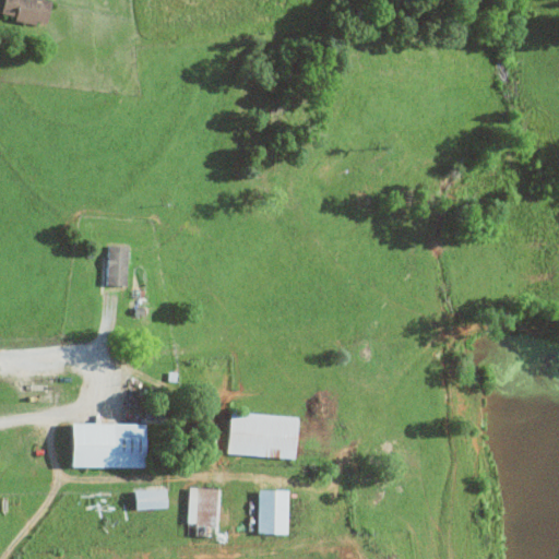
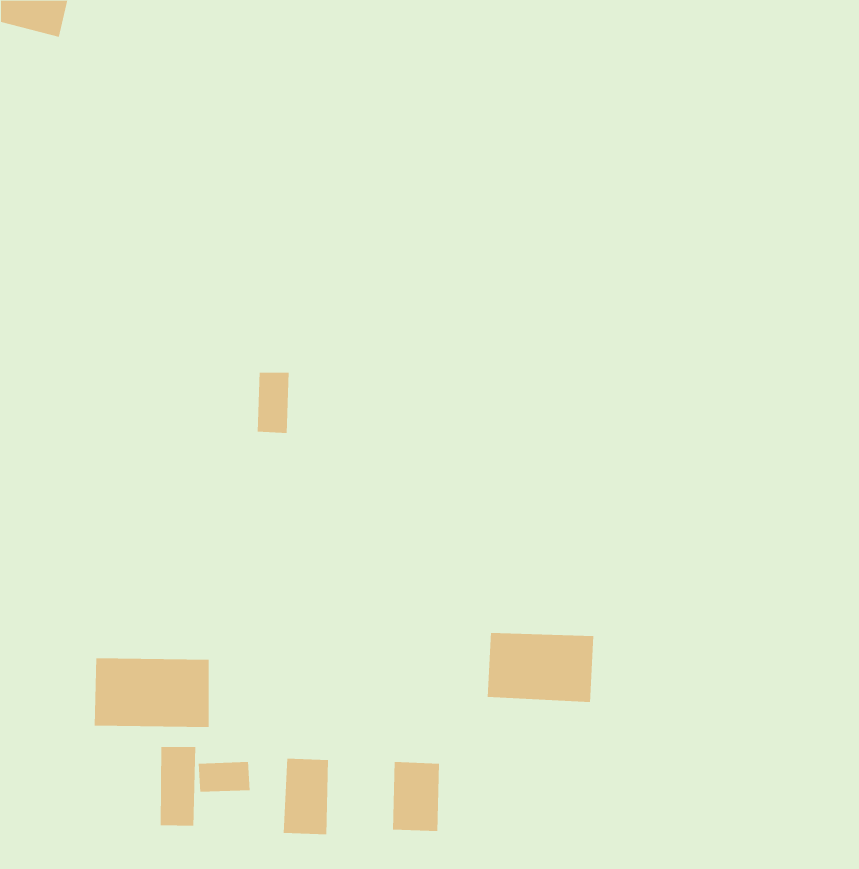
building: [108,246,129,285] -> [257,372,289,434]
building: [228,413,297,457] -> [487,633,594,702]
building: none -> [160,746,196,826]

